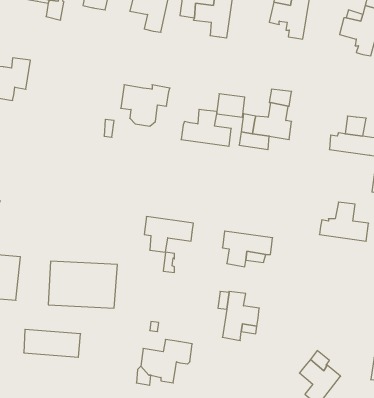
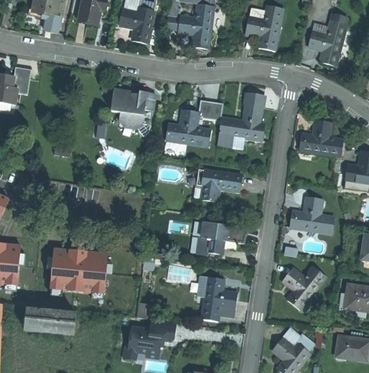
building: [144,217,193,252] -> [197,169,241,201]
building: none -> [281,265,325,308]

